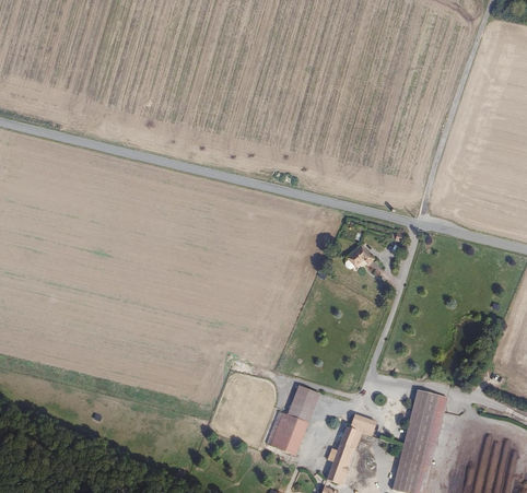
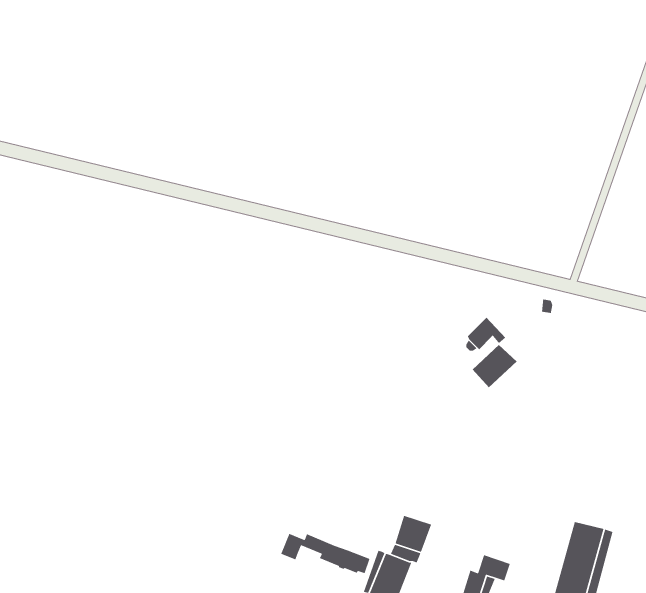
building: none -> [472,344,517,388]
building: none -> [280,533,371,574]

